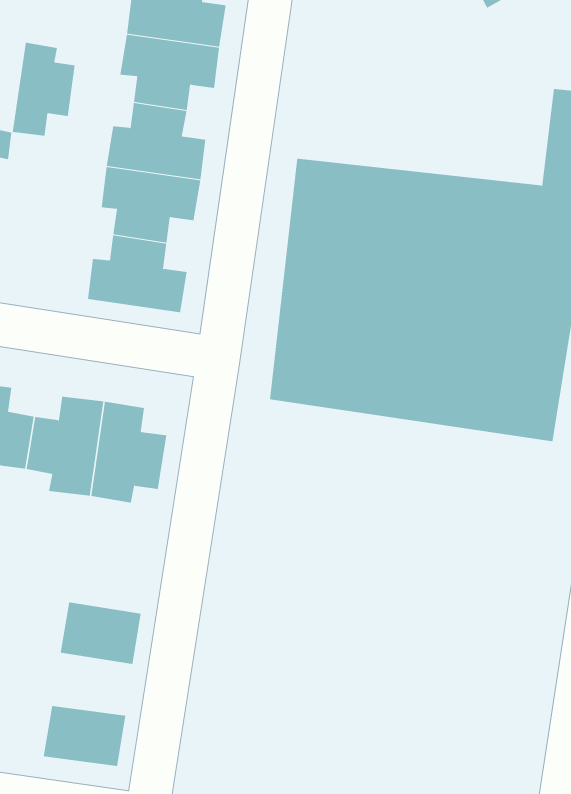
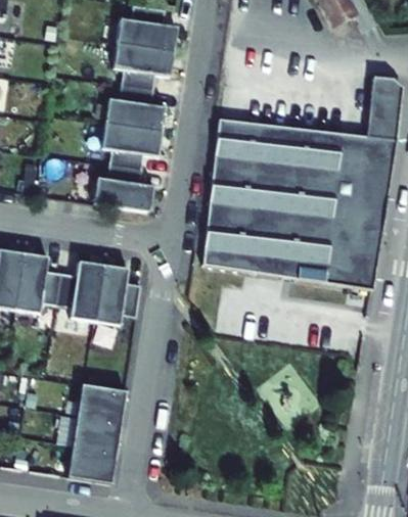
building: [12,42,75,136] -> none
building: none -> [71,415,120,453]

